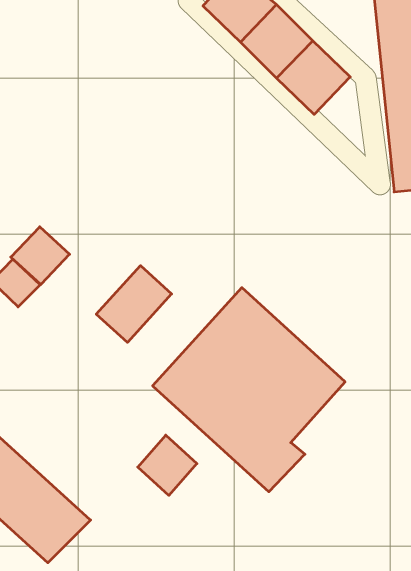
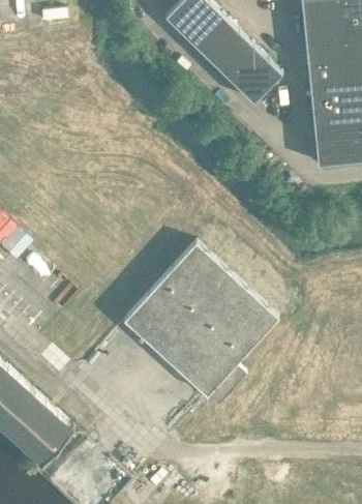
building: [11,227,70,285] -> none
building: [96,266,172,342] -> none
building: [138,435,197,495] -> none

